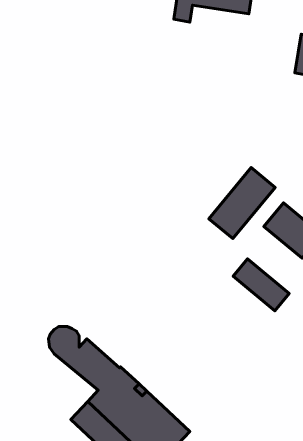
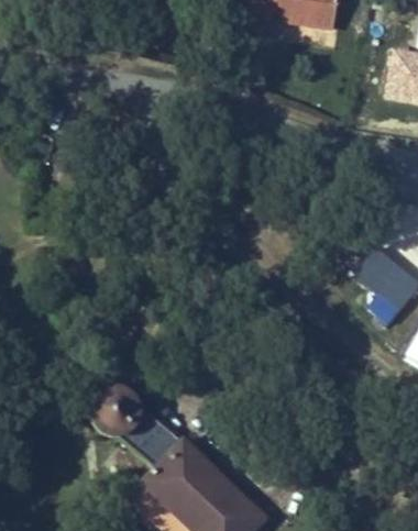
building: [209,168,275,239] -> none
building: [233,259,289,311] -> none

